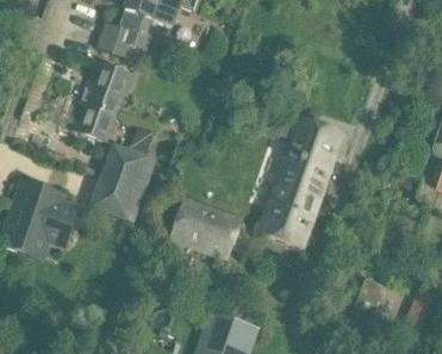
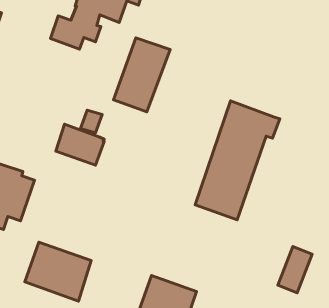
building: [69,60,132,142] -> [113,38,170,112]
building: [89,172,147,222] -> none
building: [168,195,242,261] -> [25,242,91,301]

